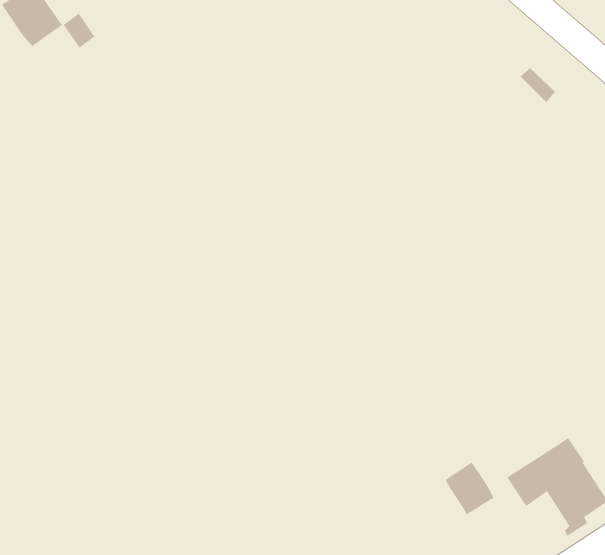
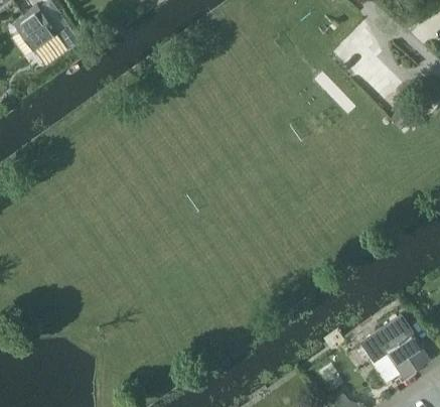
building: [445,461,494,515] -> none

